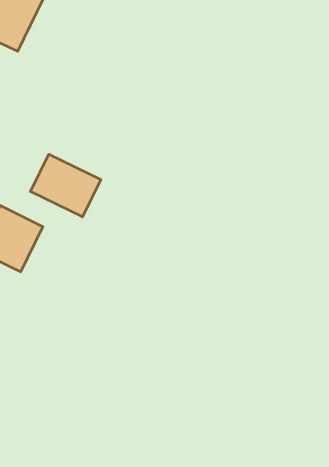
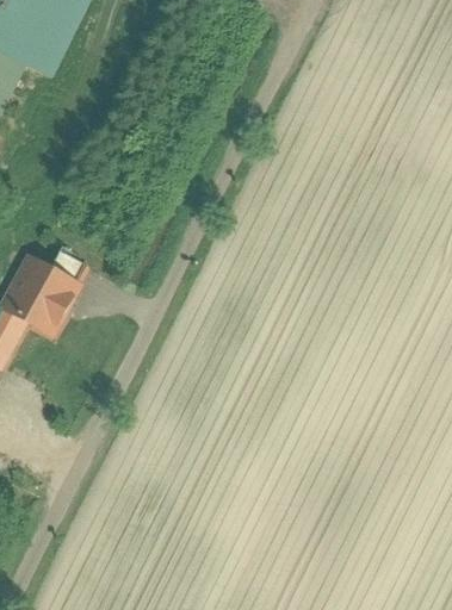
building: [31,154,101,217] -> none

